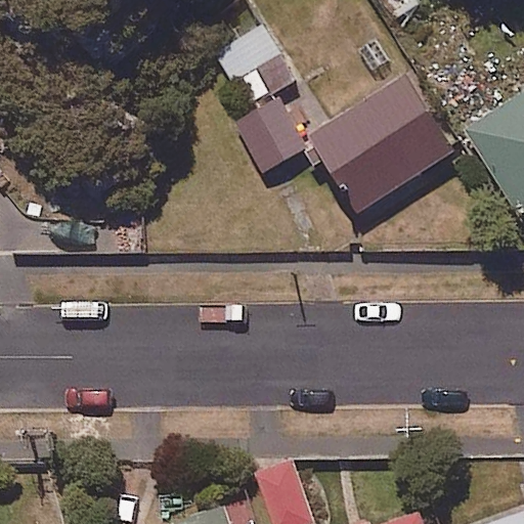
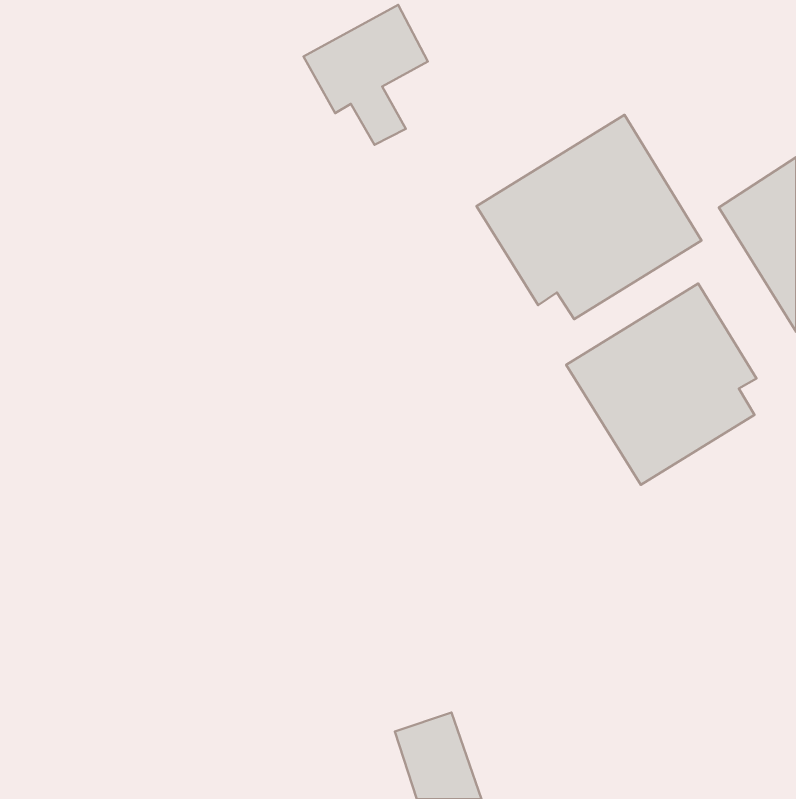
building: [229,90,304,170] -> none
building: none -> [566,283,757,485]

